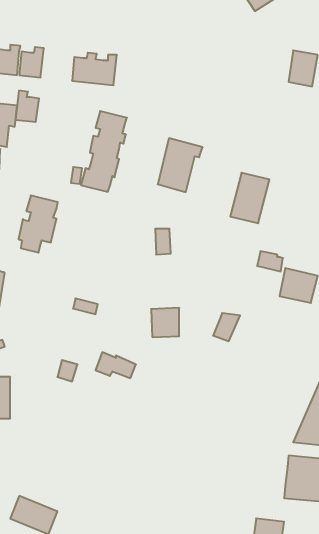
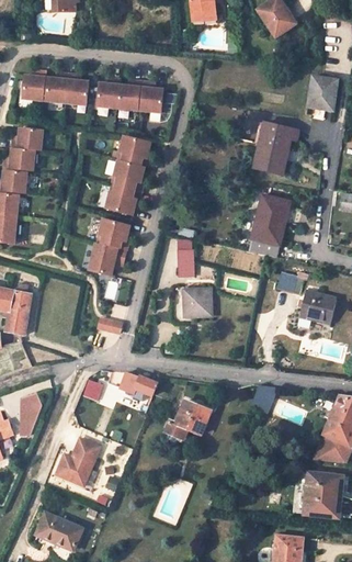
building: none -> [139,81,162,112]
building: [16,91,39,122] -> [65,74,88,104]
building: [158,138,203,192] -> [252,122,296,175]
building: [18,195,58,253] -> [90,218,128,274]
building: [151,308,179,337] -> [182,288,209,316]
building: [213,313,240,341] -> [250,384,276,412]
building: none -> [163,401,209,439]
building: none -> [55,437,99,485]

